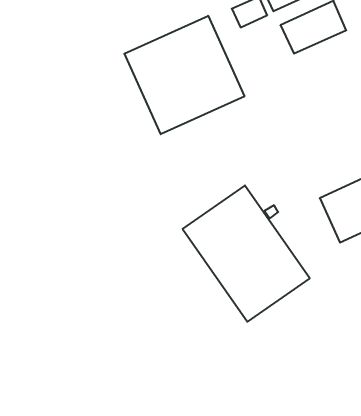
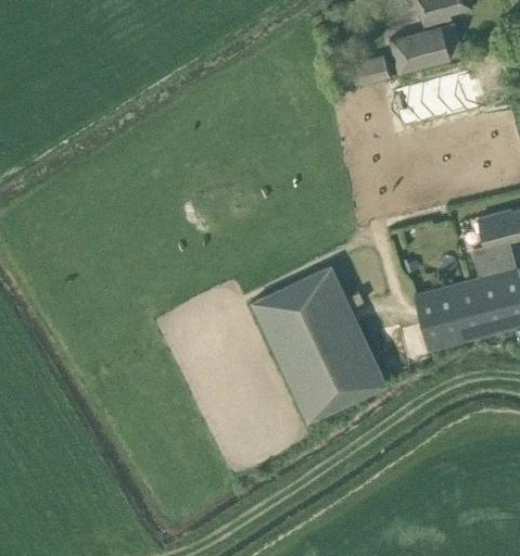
building: [124,16,244,134] -> none

